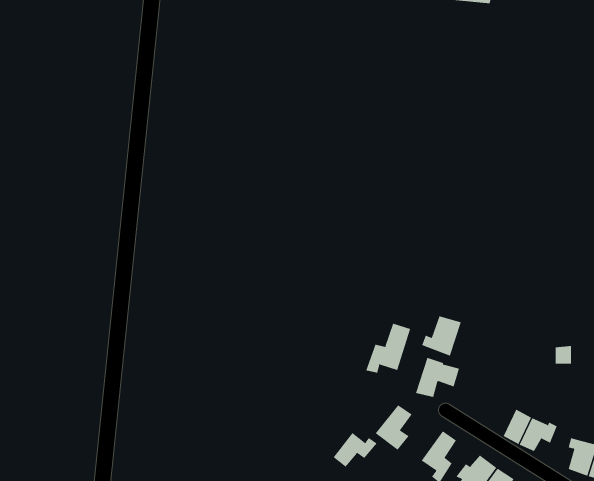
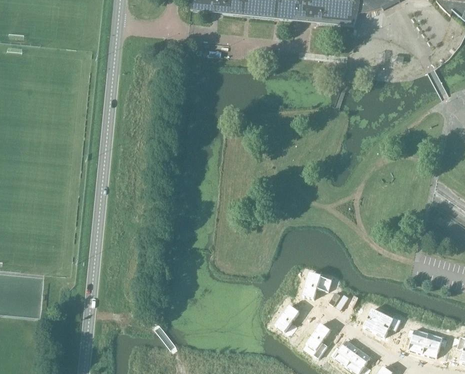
building: [422,315,461,356] -> none
building: [366,323,411,373] -> none
building: [333,432,378,468] -> none

